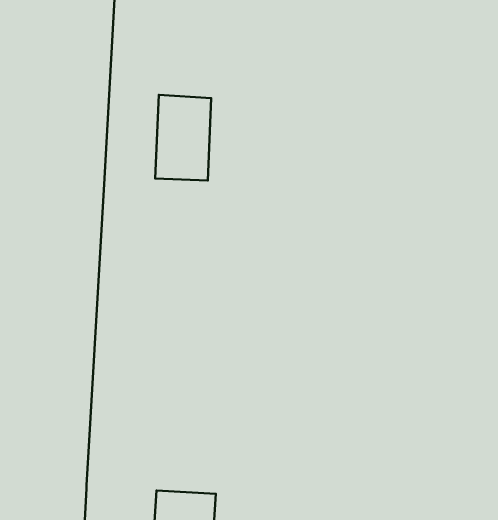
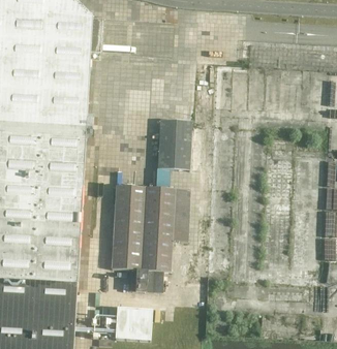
building: [155,95,211,180] -> [158,117,191,167]
building: none -> [113,183,191,290]

